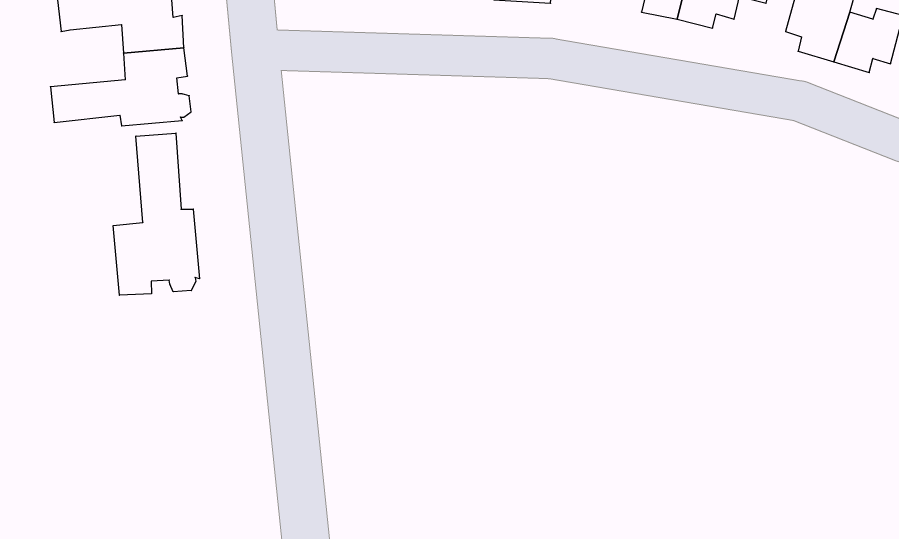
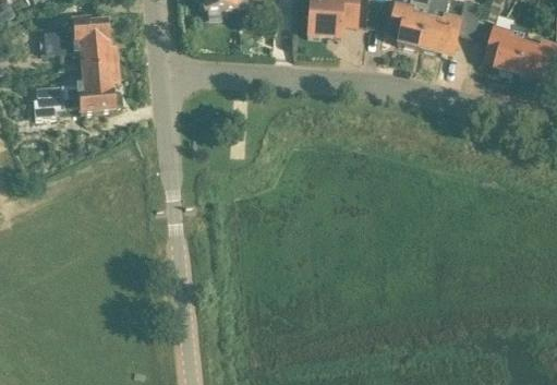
building: [113,133,199,295] -> none

